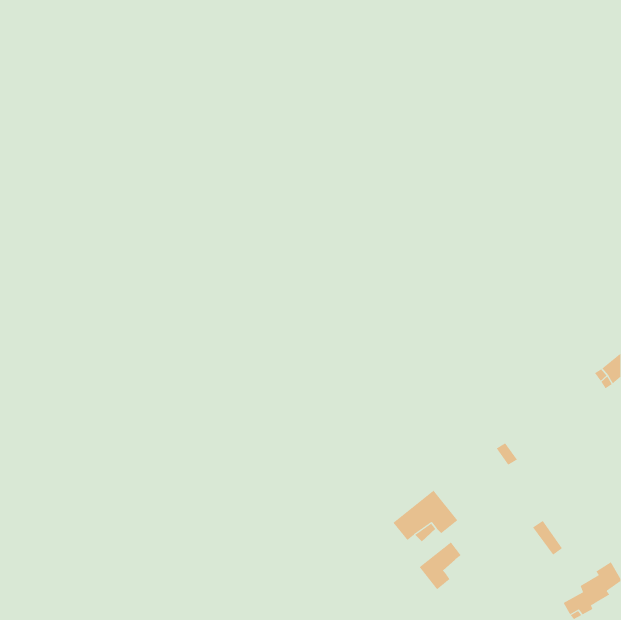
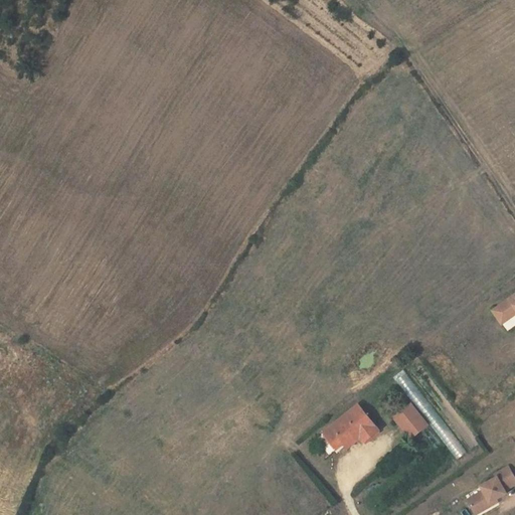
building: none -> [394,405,427,439]
building: [419,542,462,590] -> none

